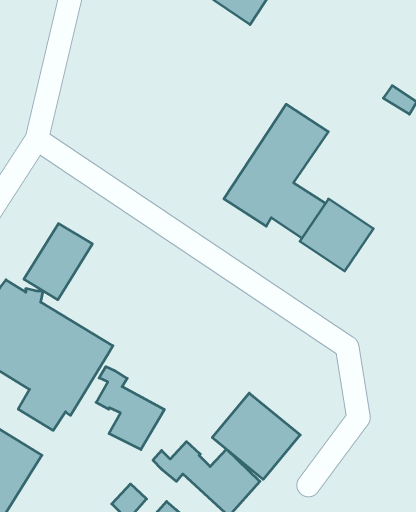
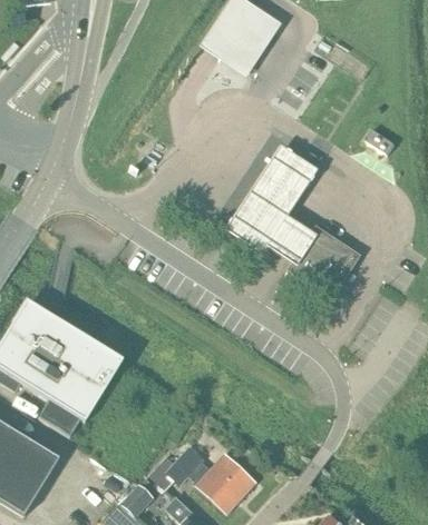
building: [24,224,92,300] -> none
building: [96,367,164,450] -> none
building: [212,393,300,479] -> none

